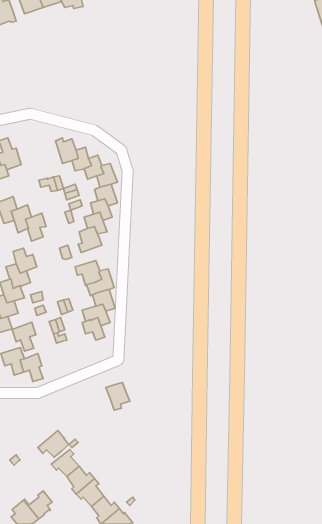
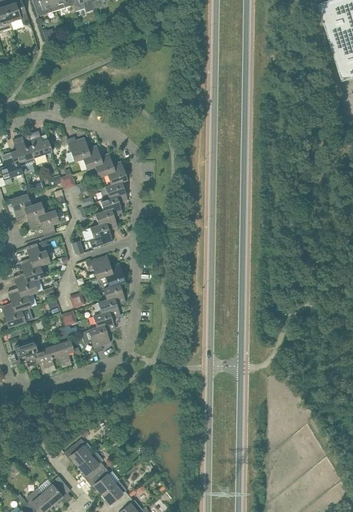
building: none -> [30,130,52,162]
building: [12,322,36,351] -> [51,338,74,366]
building: [106,382,130,410] -> [88,324,111,351]
building: [38,430,69,457] -> none

